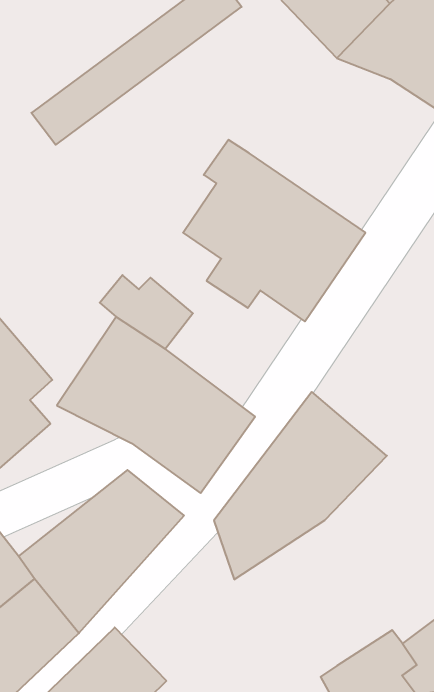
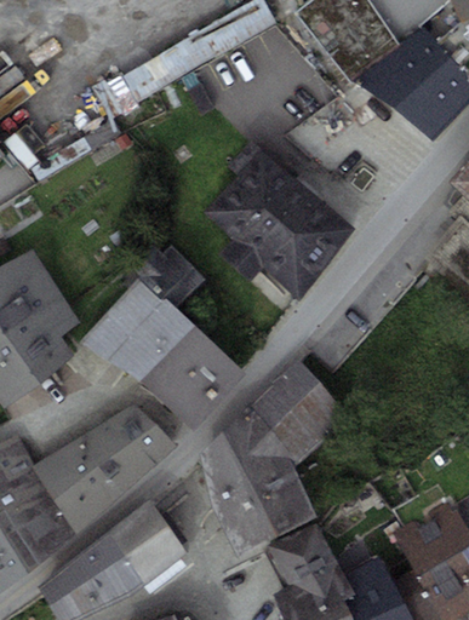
building: none -> [212,465,318,555]
building: none -> [108,500,189,582]
building: none -> [269,523,338,587]

